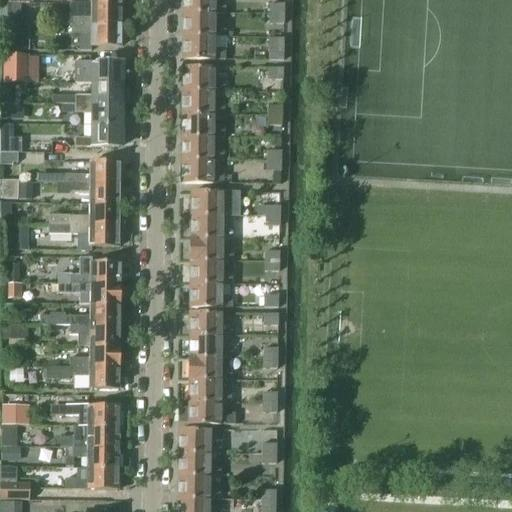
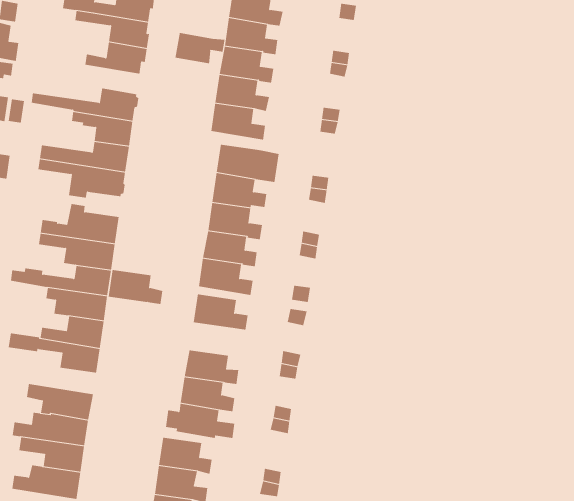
building: none -> [175,32,225,64]
building: [190,335,233,357] -> [108,269,163,304]

